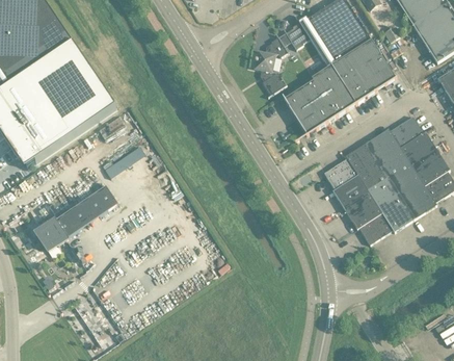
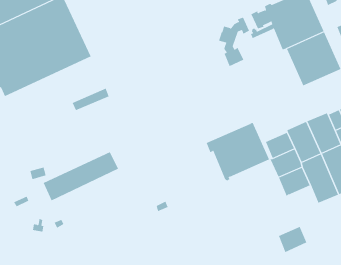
building: [283,65,356,134] -> [206,122,270,181]
building: [36,185,118,251] -> [43,152,119,201]
building: [359,212,393,244] -> [278,226,307,253]

